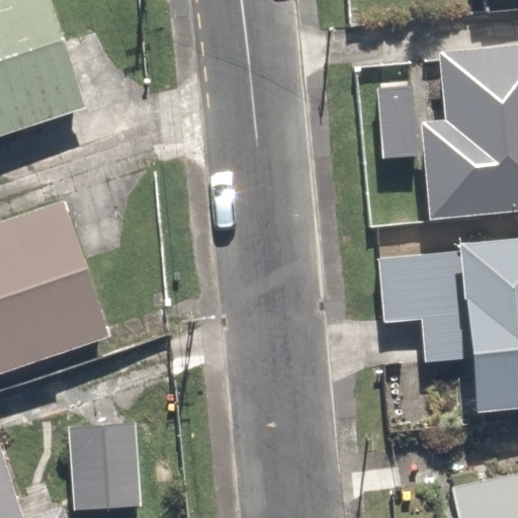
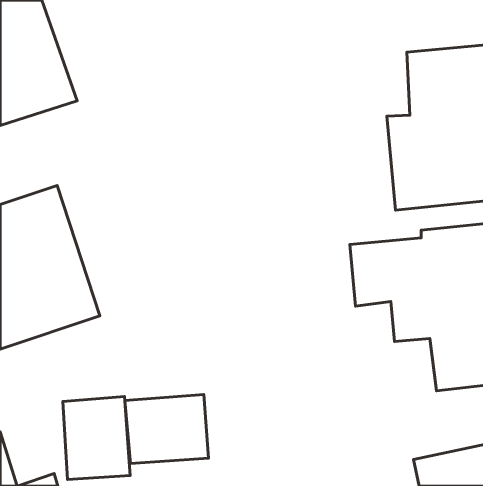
building: none -> [125,394,208,463]

